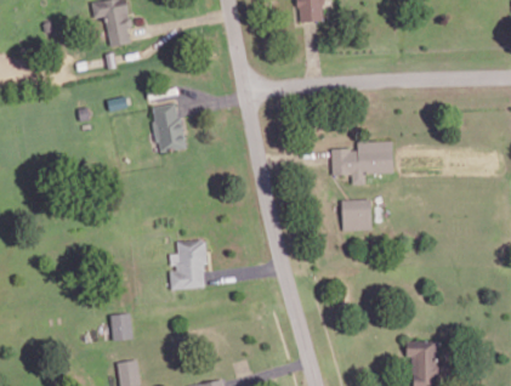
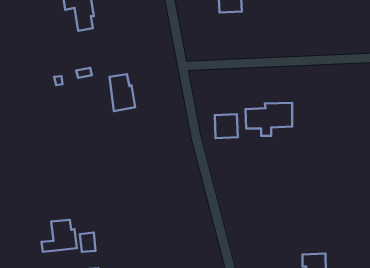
building: [341,199,371,231] -> [215,114,238,138]
building: [170,239,206,289] -> none
building: none -> [42,220,77,252]

